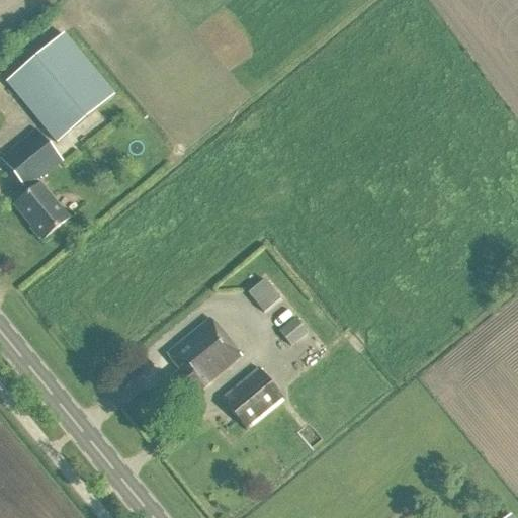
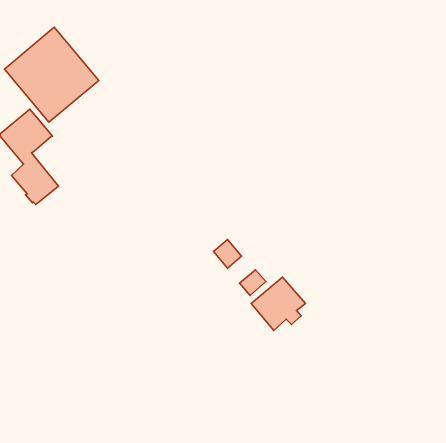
building: [162,317,241,404] -> none
building: [219,369,281,431] -> [251,277,305,331]

